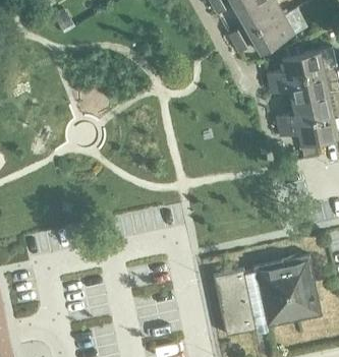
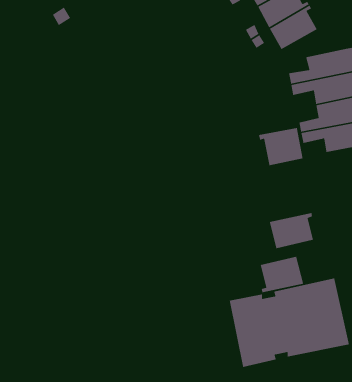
building: none -> [258,127,303,166]
building: none -> [269,212,314,249]
building: none -> [260,256,304,293]

